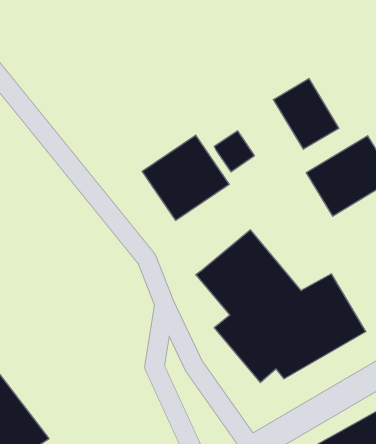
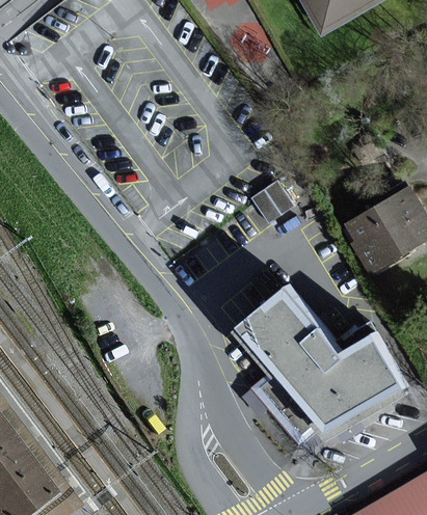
building: [273,78,339,149] -> none
building: [142,135,229,220] -> none

